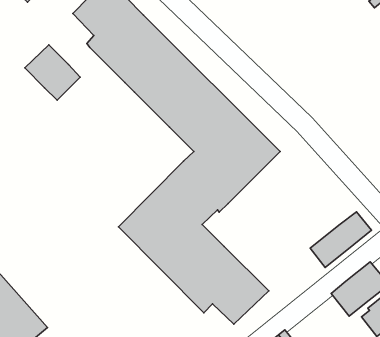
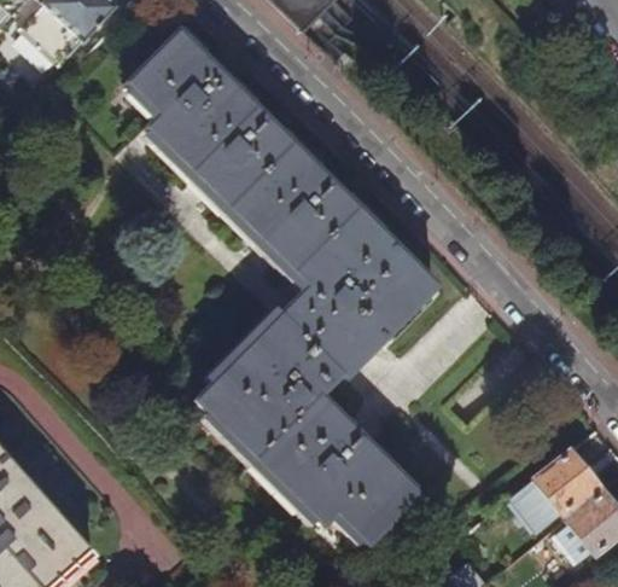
building: [25,45,80,100] -> none
building: [310,212,372,267] -> none

